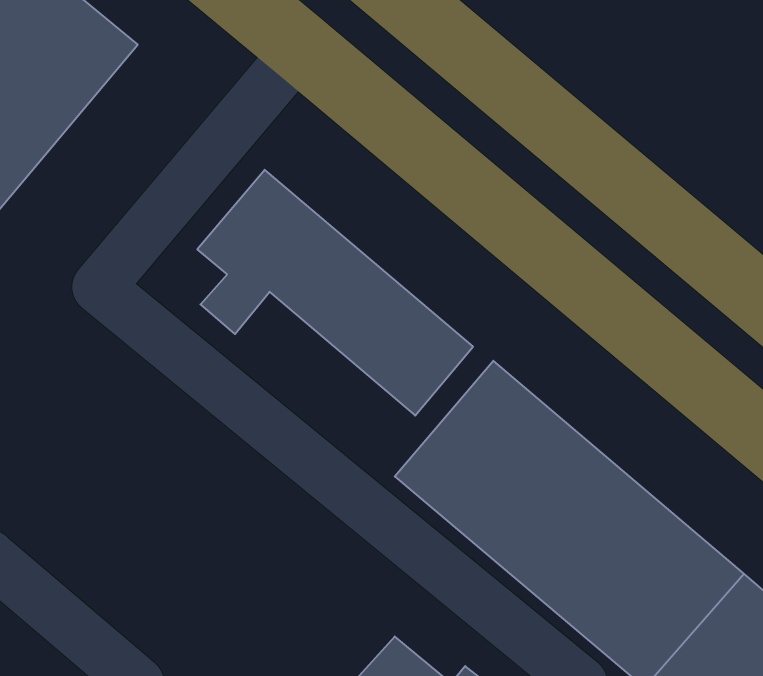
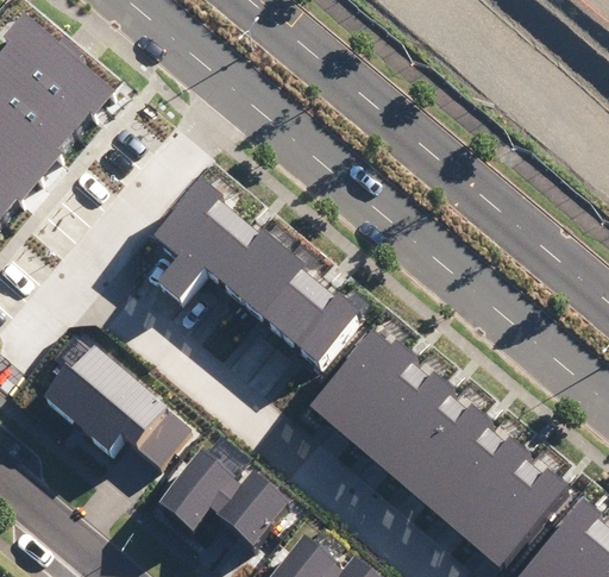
building: none -> [48,345,190,465]
building: none -> [159,450,290,547]

